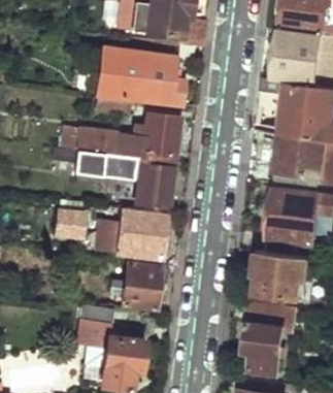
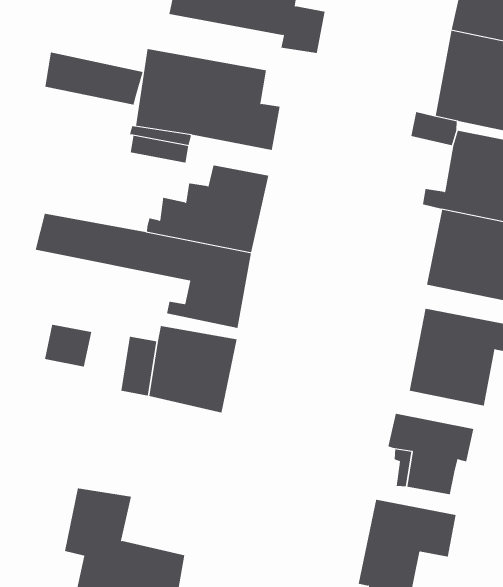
building: [58,124,114,152] -> [44,52,143,105]
building: [119,262,159,307] -> none

